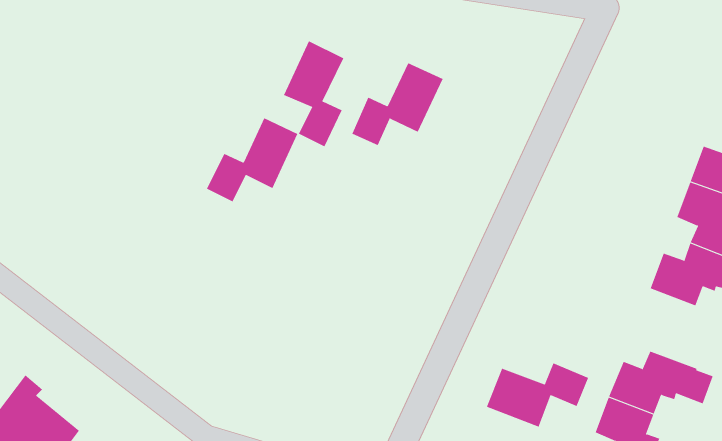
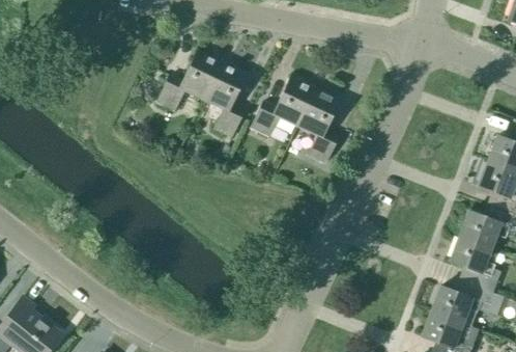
building: none -> [298,88,340,162]
building: [206,118,298,202] -> [157,50,222,109]
building: none -> [451,235,501,291]
building: [486,362,589,427] -> none

